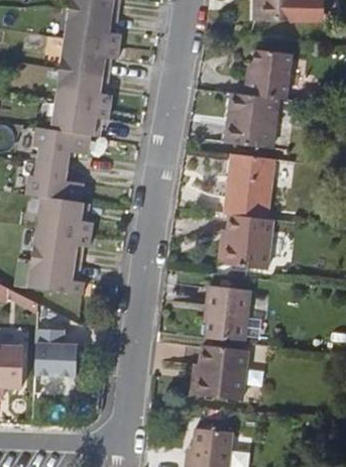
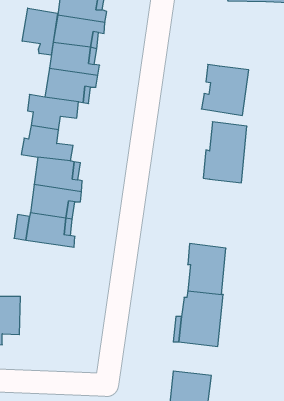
building: none -> [22,8,58,55]
building: [244,45,291,96] -> none
building: [221,216,275,270] -> none
building: [35,329,77,376] -> none

